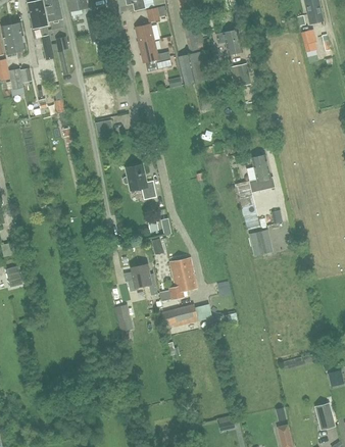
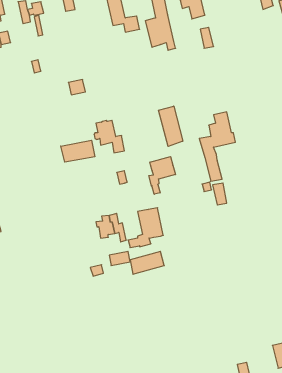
building: none -> [158,106,183,146]
building: none -> [61,140,95,162]
building: none -> [149,157,175,194]

